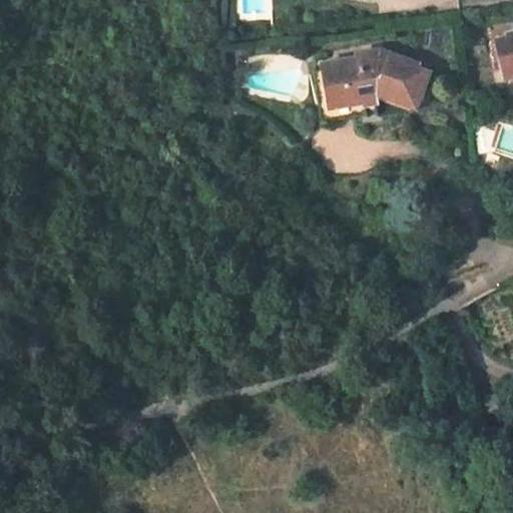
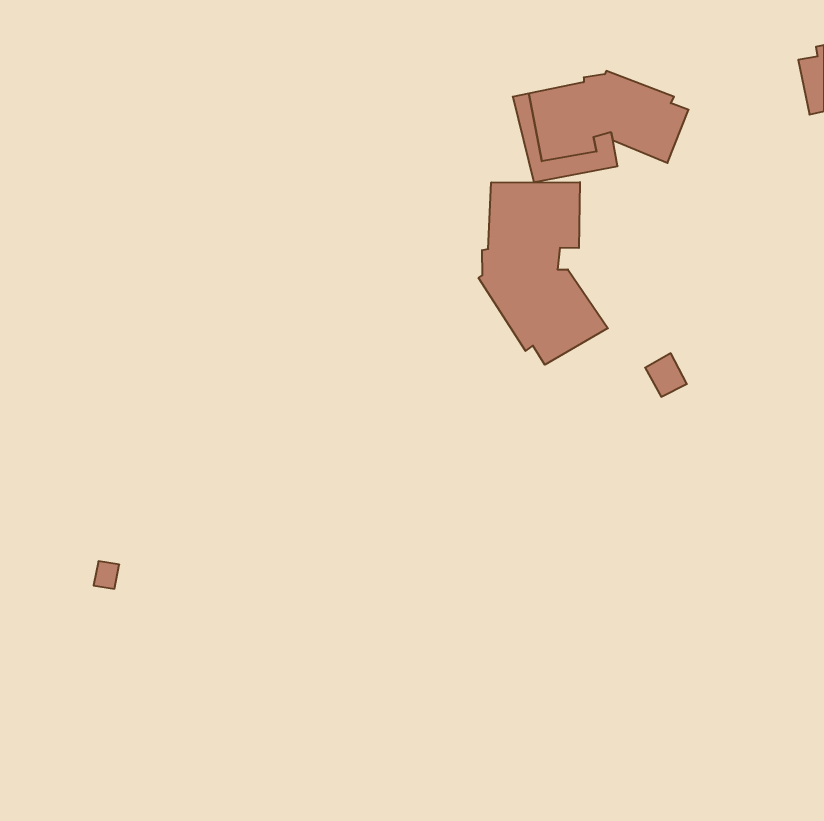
building: none -> [479,182,608,365]

